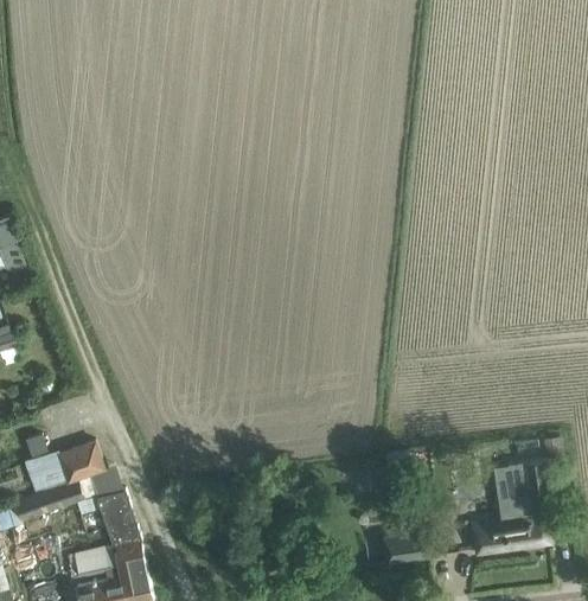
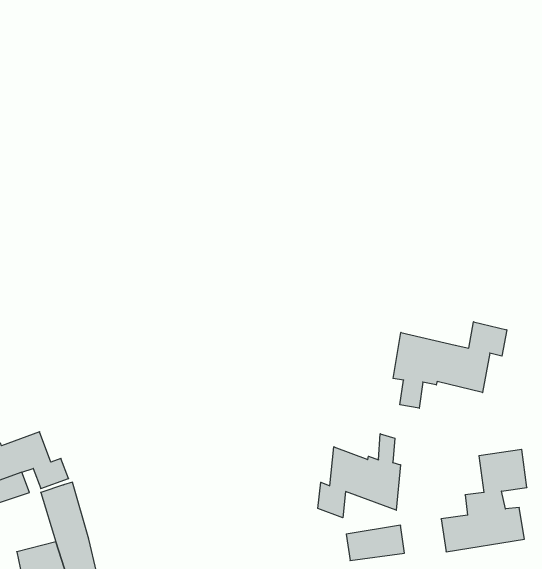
building: none -> [393,322,507,408]
building: none -> [318,434,401,518]

